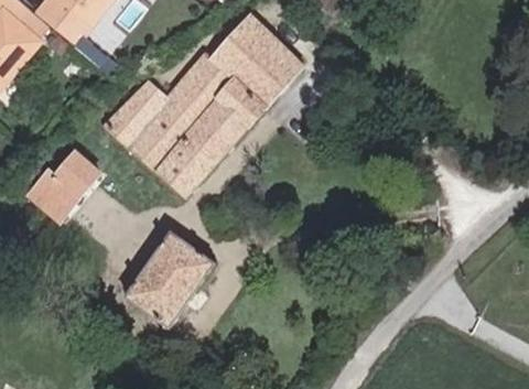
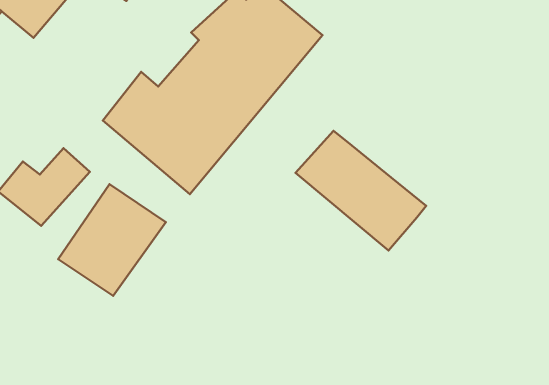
building: none -> [296,131,426,251]
building: [127,231,217,325] -> [58,184,166,296]

